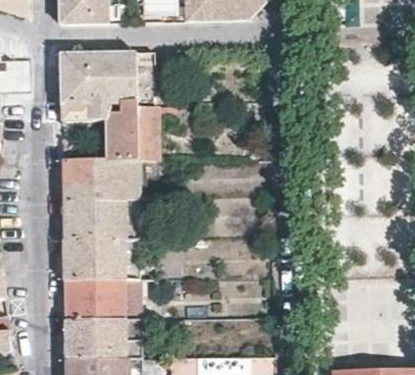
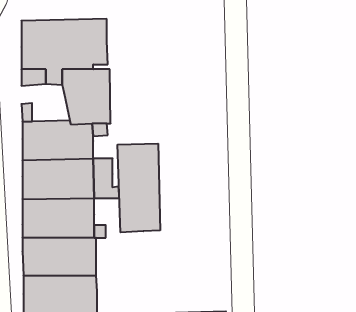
building: none -> [118,144,160,232]

